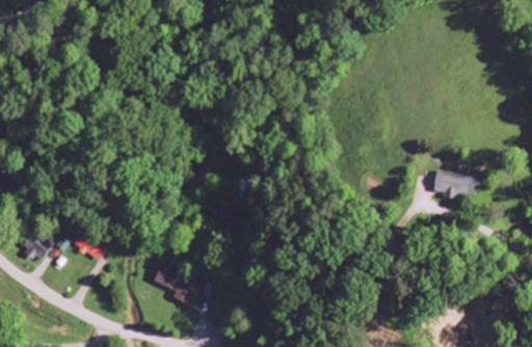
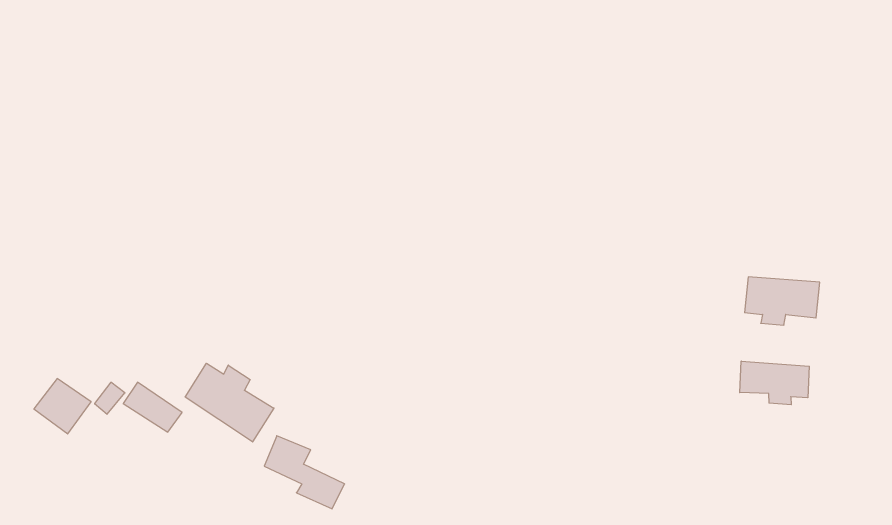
building: none -> [740,361,809,405]
building: none -> [185,363,274,442]

